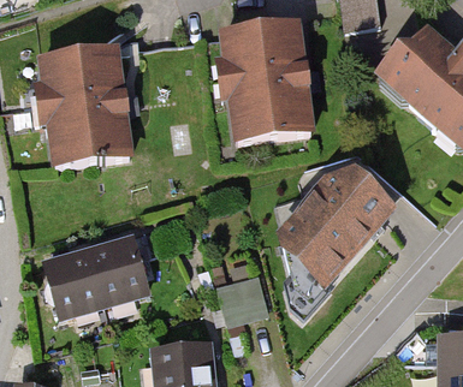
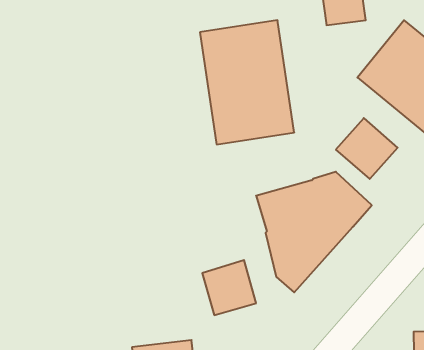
building: [42,47,131,162] -> none
building: none -> [336,118,398,179]
building: [42,236,148,321] -> none

